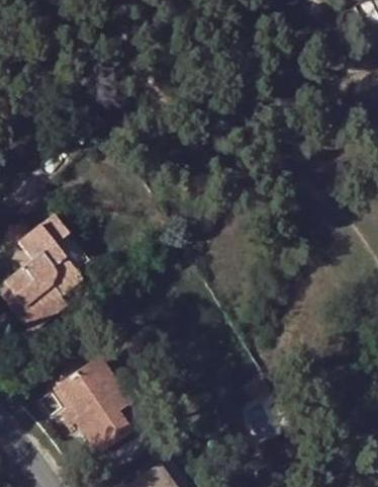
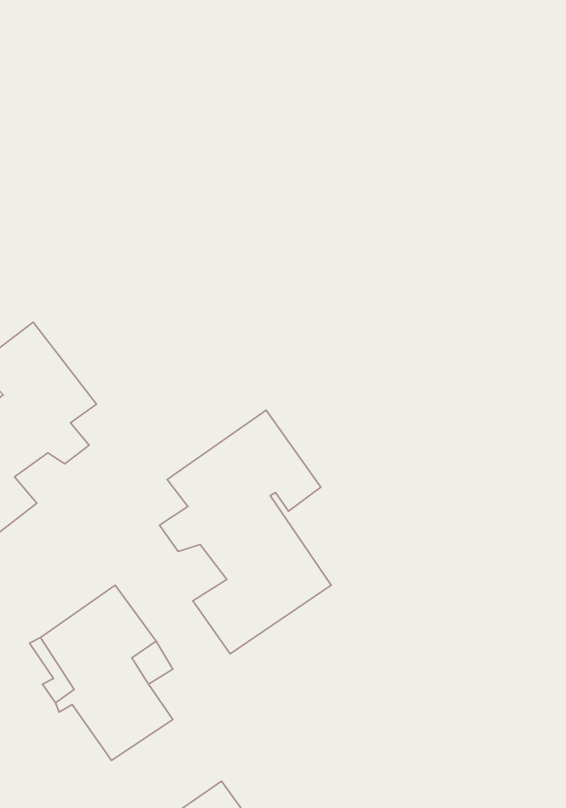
building: none -> [159,410,331,654]

